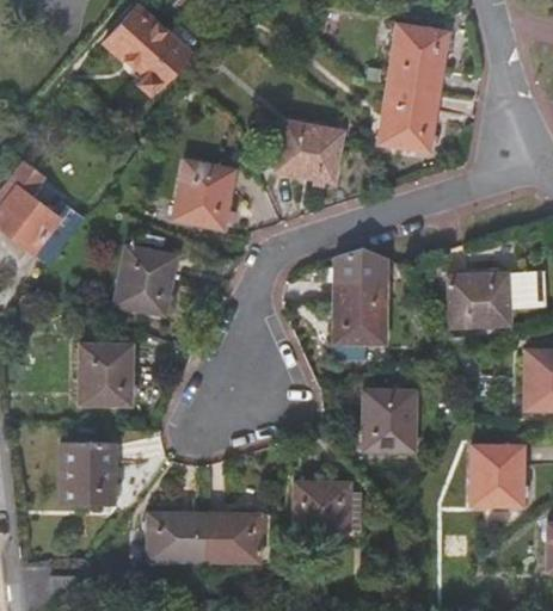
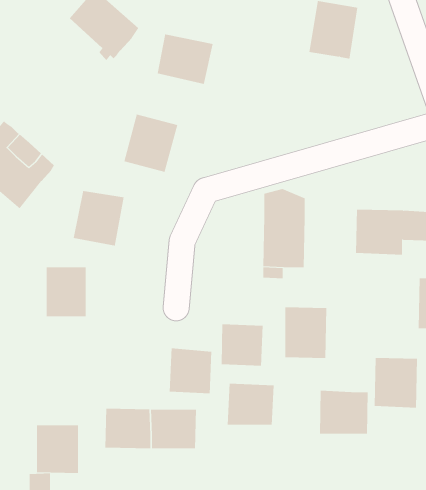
building: [382,84,442,152] -> none
building: [278,119,346,180] -> [157,34,213,85]
building: none -> [221,323,263,367]
building: none -> [169,347,212,394]
building: [59,443,110,501] -> [36,425,79,473]
building: none -> [319,390,368,435]

